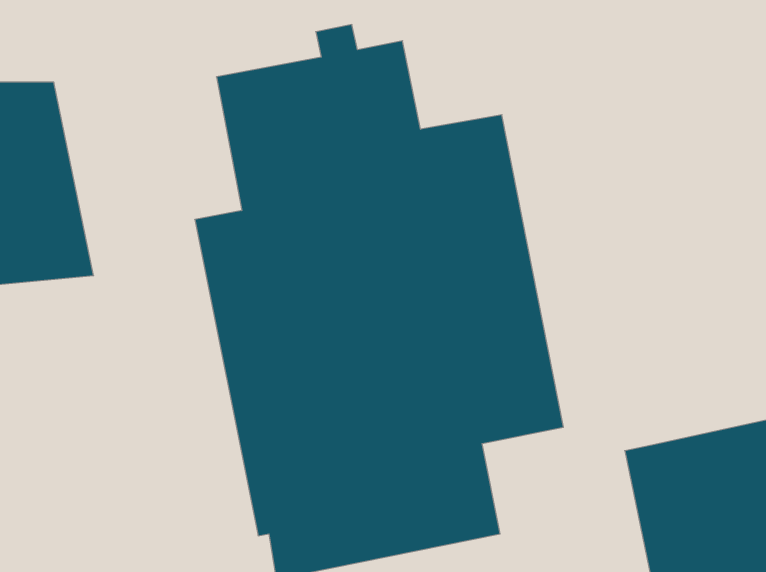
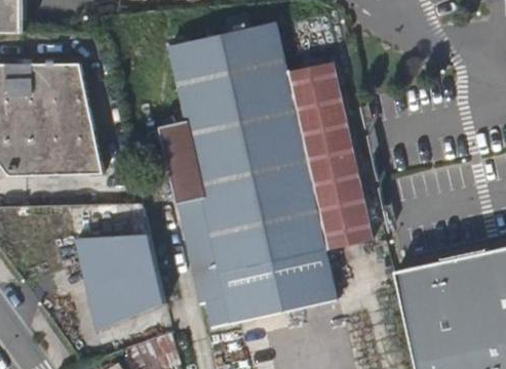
building: none -> [80,225,159,328]

